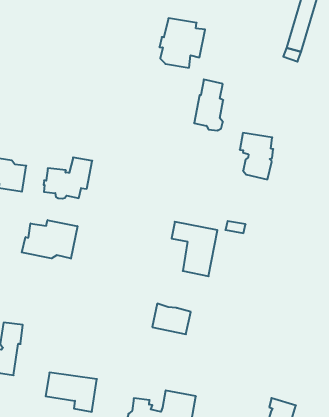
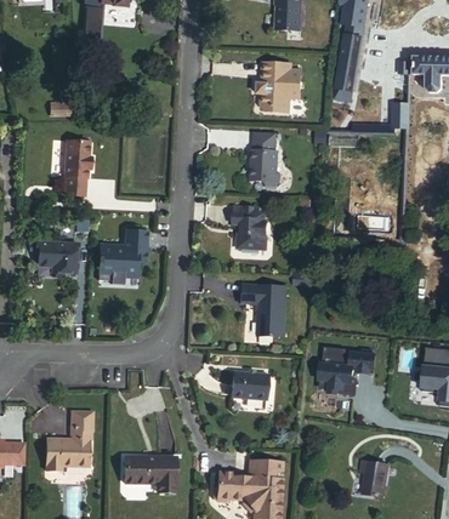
building: [159,18,205,68] -> [255,63,301,113]
building: none -> [63,139,91,195]
building: [240,133,273,179] -> [229,206,265,252]
building: [22,220,77,259] -> none
building: none -> [319,348,375,395]

